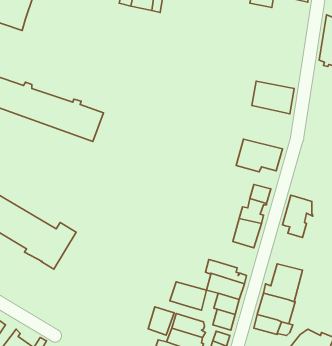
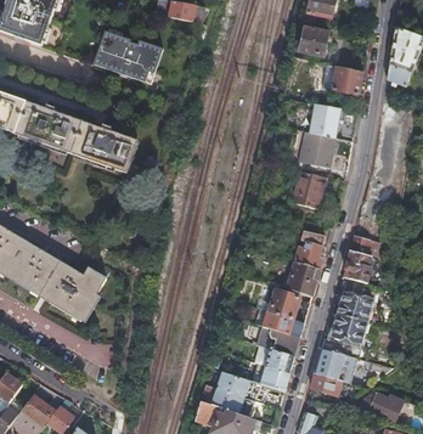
building: none -> [298,28,327,56]
building: none -> [92,29,162,80]
building: none -> [331,66,362,96]
building: none -> [297,131,351,168]
building: none -> [337,281,372,321]
building: [170,282,207,310] -> [266,289,309,322]
building: [148,307,174,335] -> none

